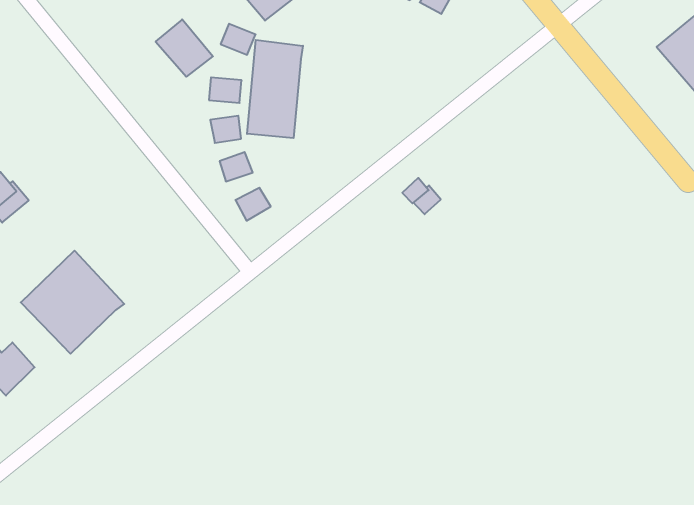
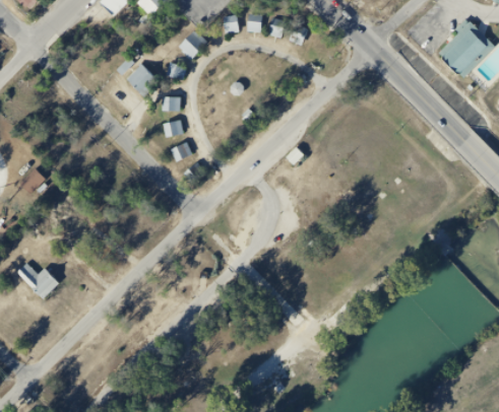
building: [247,40,303,138] -> none
building: [21,251,124,354] -> none

